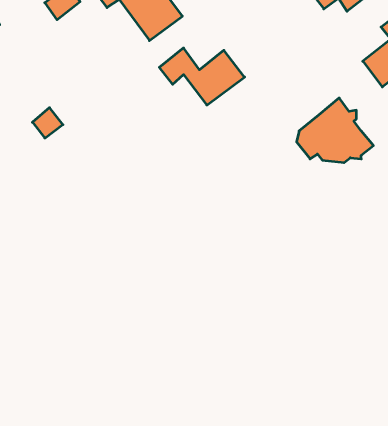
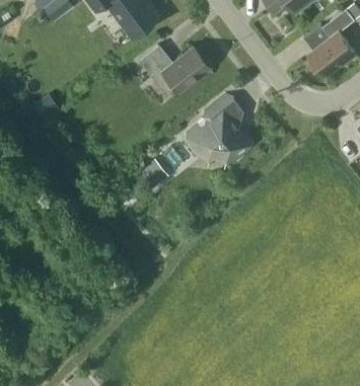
building: [297,98,373,163] -> [186,105,249,159]

